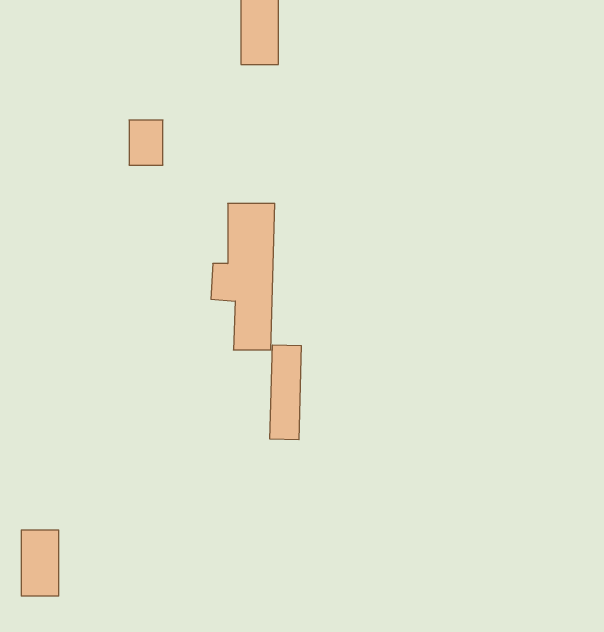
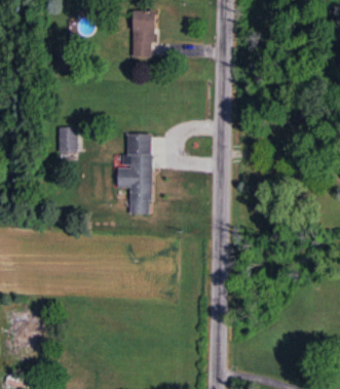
building: [129,120,163,165] -> [59,127,77,152]
building: [270,345,301,440] -> none

